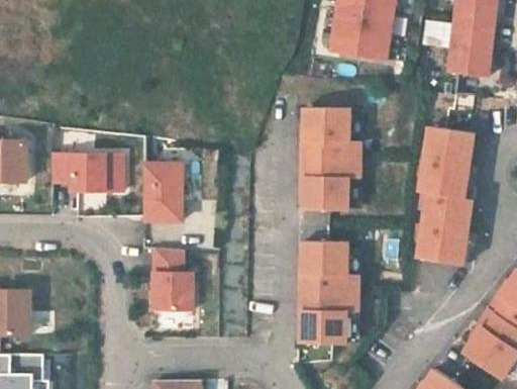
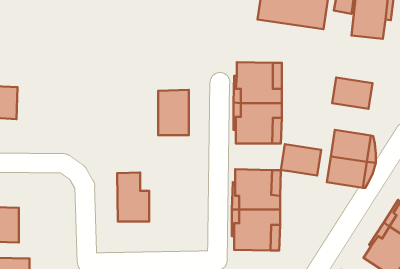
building: [50,152,122,189] -> none
building: [418,159,469,198] -> [281,144,321,176]
building: [142,162,181,218] -> [158,90,189,135]

